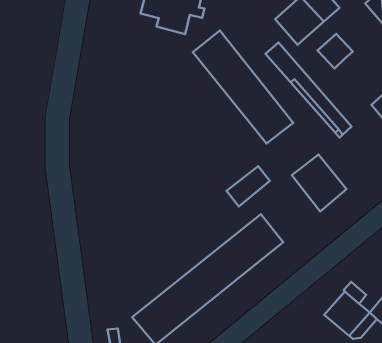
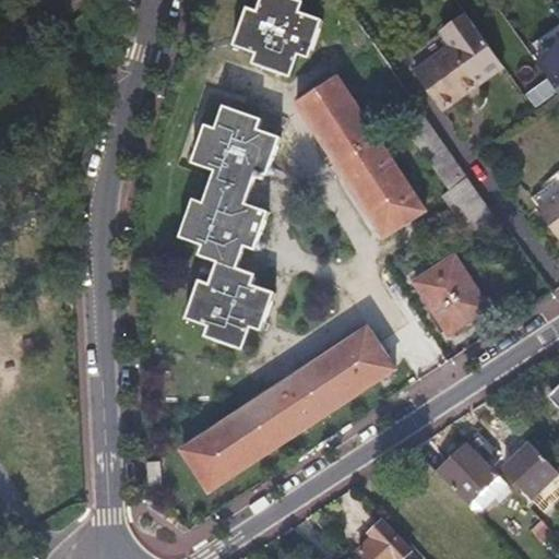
building: [318,34,353,68] -> none
building: none -> [174,104,280,347]
building: [226,166,270,207] -> none

